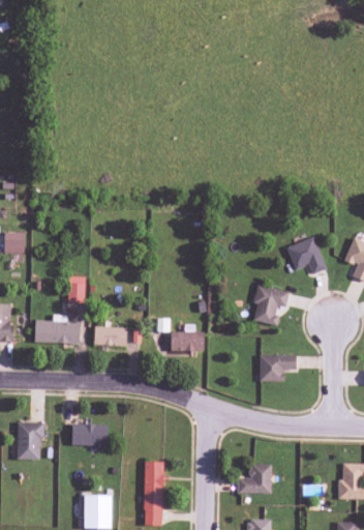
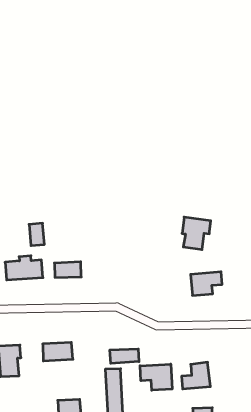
building: [286,235,327,275] -> none
building: [171,331,204,351] -> none
building: none -> [110,349,139,363]
building: none -> [140,364,172,390]

